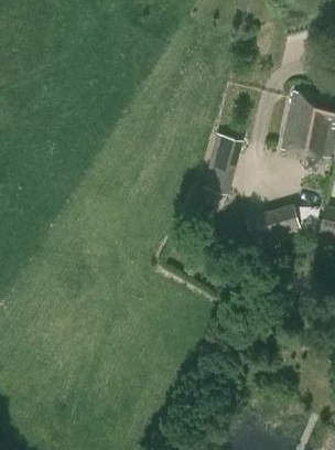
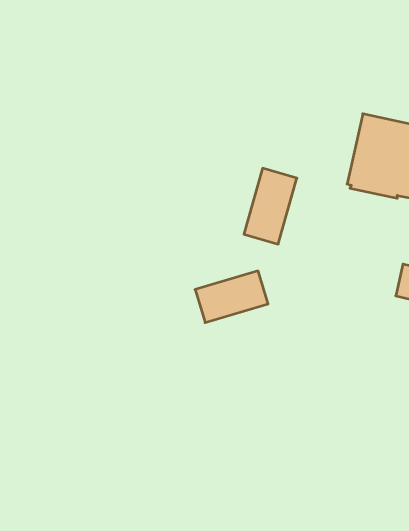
building: [246,204,302,244] -> [195,271,268,323]

